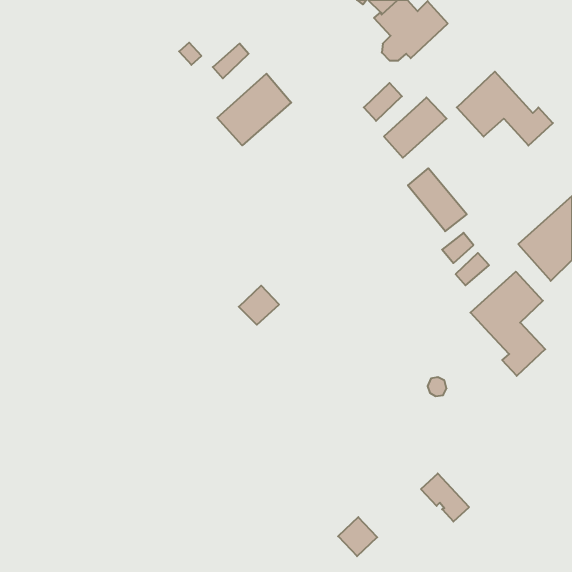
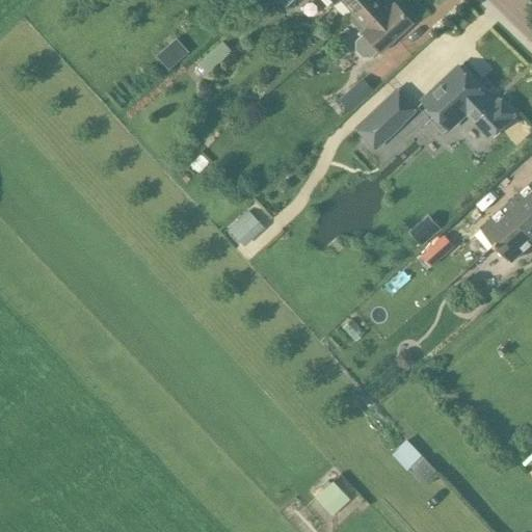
building: [217,74,291,145] -> none
building: [408,168,467,231] -> none
building: [470,272,545,376] -> none
building: [239,286,279,325] -> [227,208,264,244]

